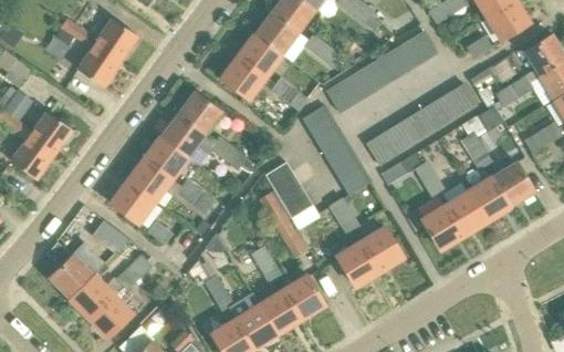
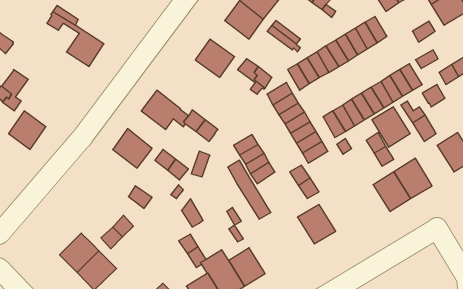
building: [94,19,137,61] -> none
building: [239,34,283,75] -> none
building: [179,91,223,134] -> none
building: [30,112,72,154] -> none
building: [146,136,189,178] -> none
building: [470,175,513,220] -> [372,107,410,147]
building: [111,179,157,224] -> none
building: [92,219,129,253] -> none
building: [362,226,405,271] -> none
building: [49,241,105,298] -> none
building: [283,275,326,319] -> none

